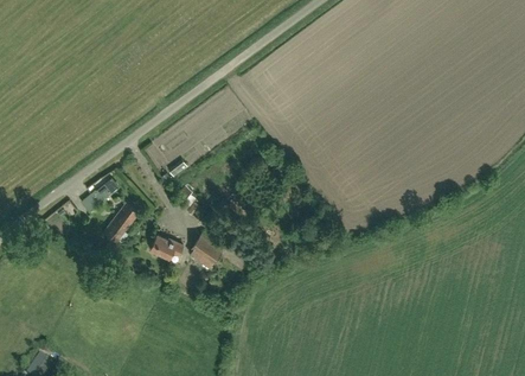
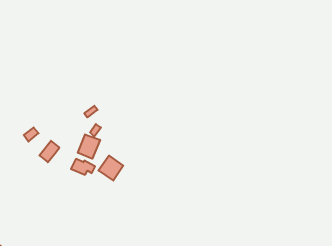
building: none -> [78,134,100,159]

